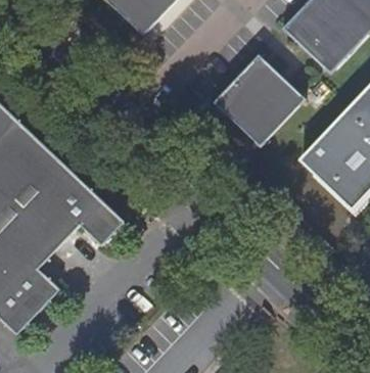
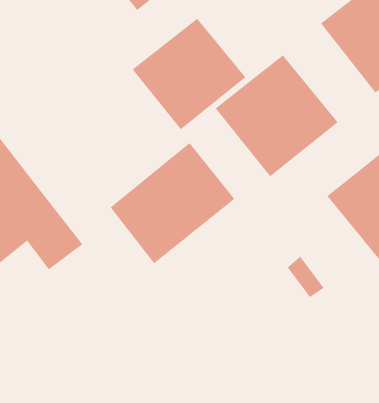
building: none -> [132,18,246,130]
building: none -> [110,142,235,264]

